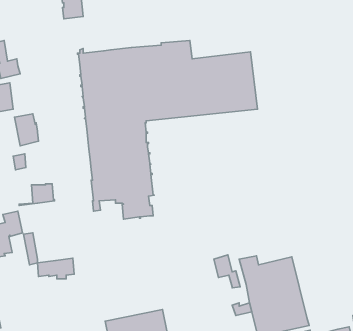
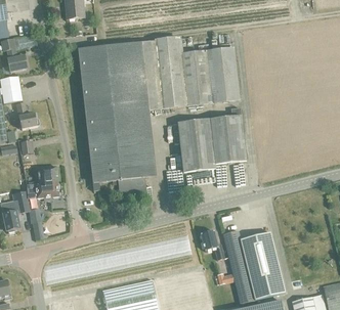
building: none -> [178,108,246,172]
building: [37,258,74,279] -> [27,182,59,201]

